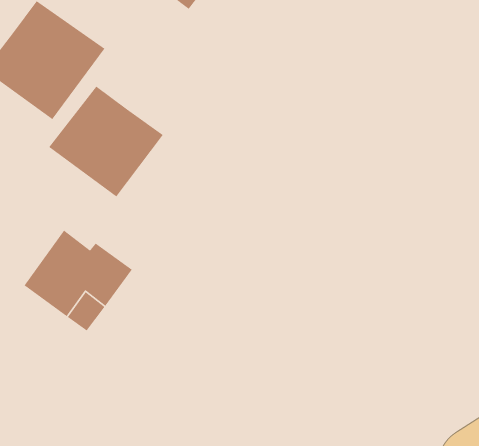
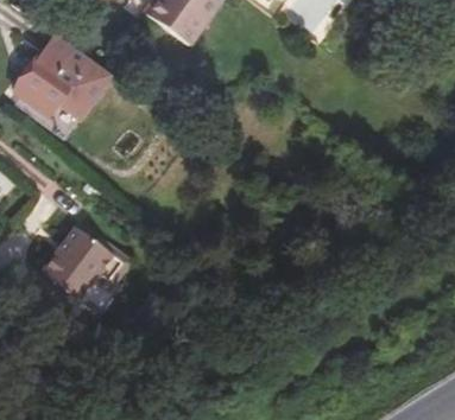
building: [48,86,164,198] -> none

